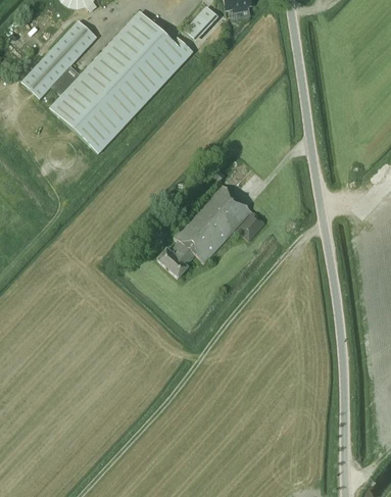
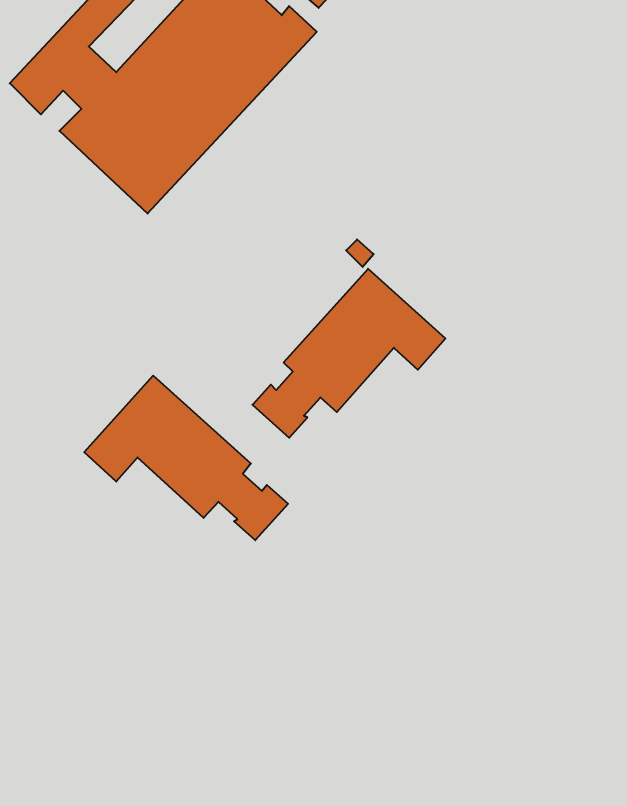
building: none -> [84,376,288,540]

